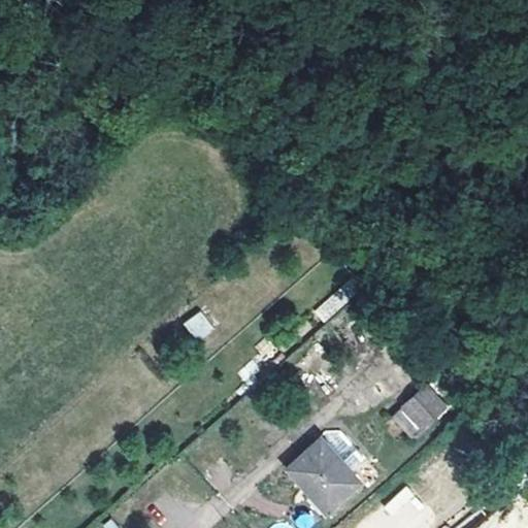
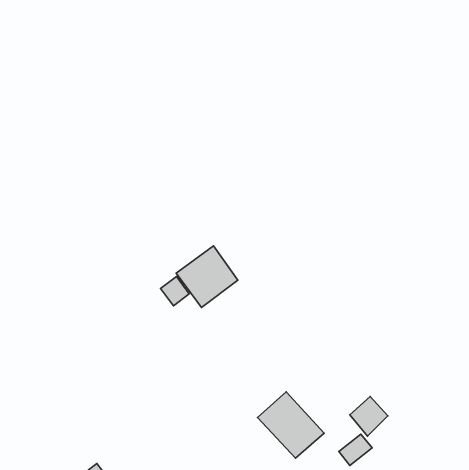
building: none -> [176,246,238,307]
building: [401,386,443,430] -> [350,396,388,436]

